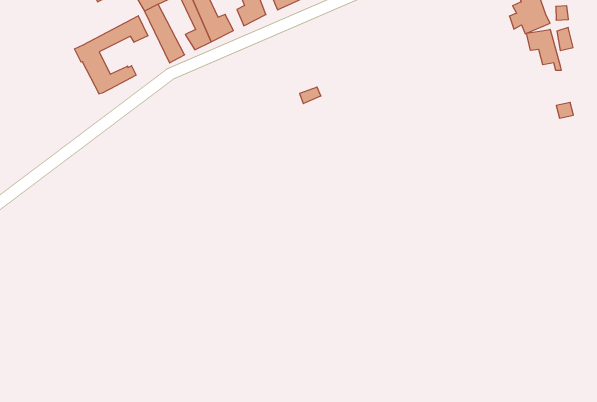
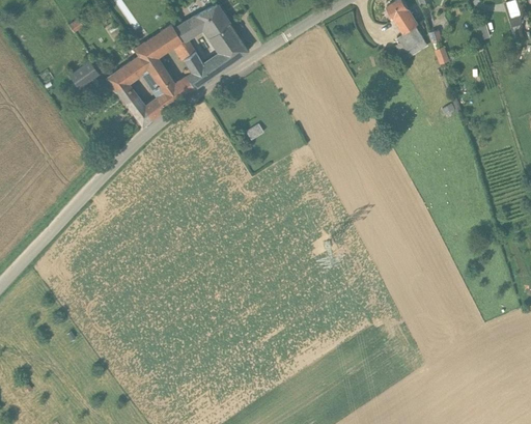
building: [75,16,148,94] -> none
building: [526,29,561,70] -> none

